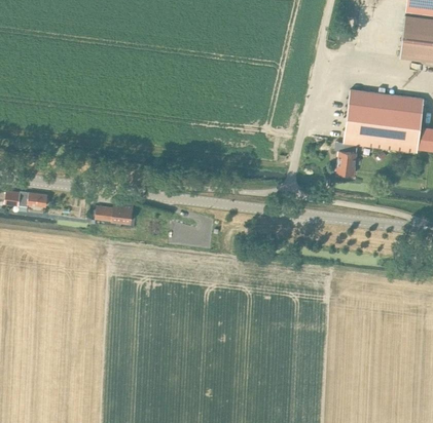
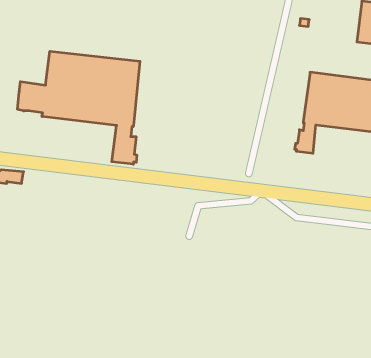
building: none -> [18,51,140,164]
building: [97,203,133,223] -> none

